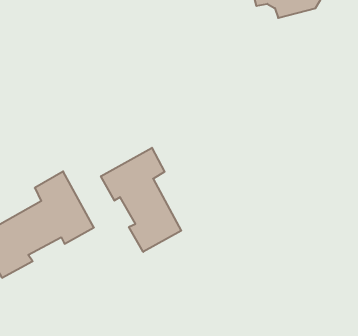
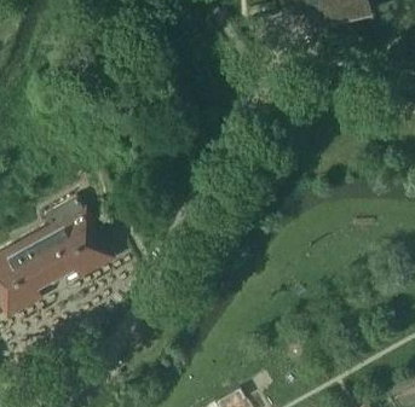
building: [101,148,181,252] -> none

